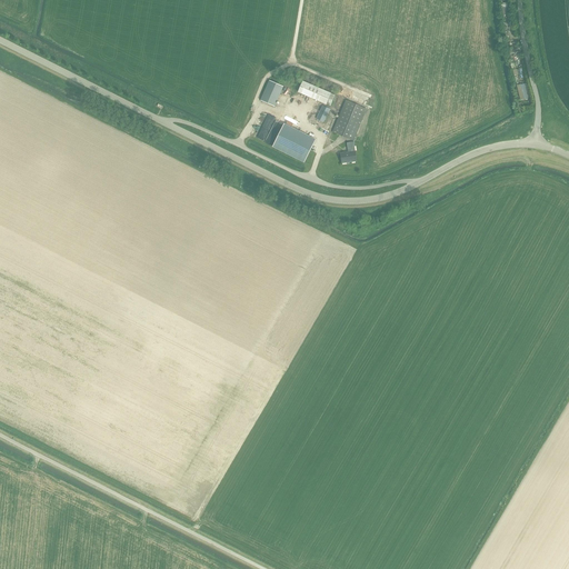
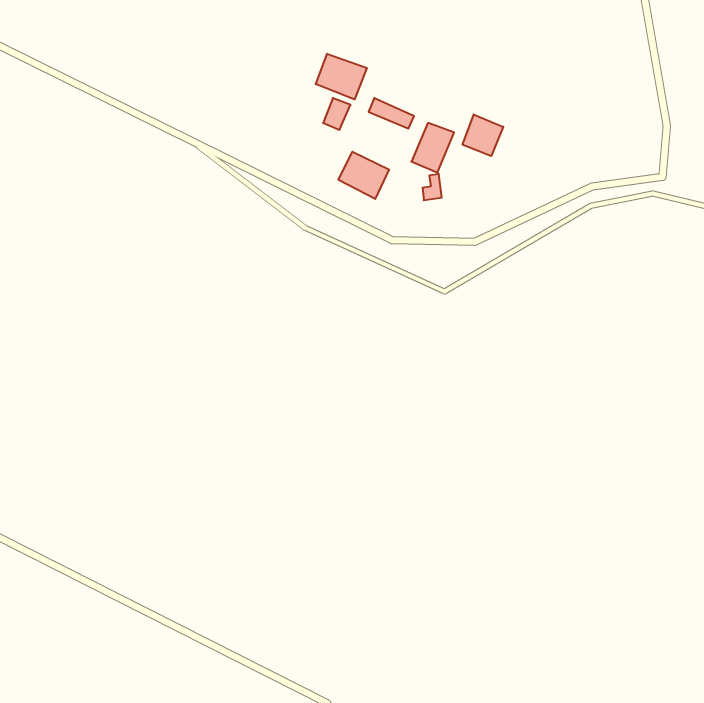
building: none -> [316,54,367,99]
building: none -> [463,114,503,156]

